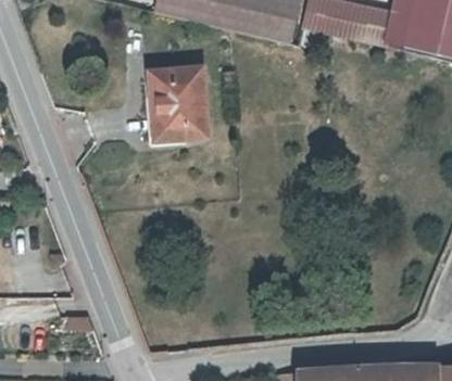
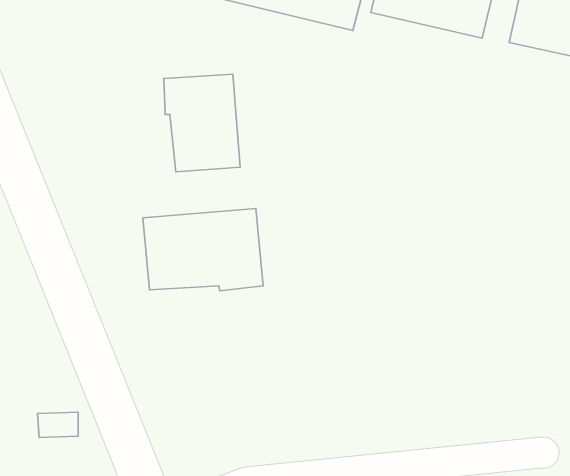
building: none -> [143,209,263,291]

